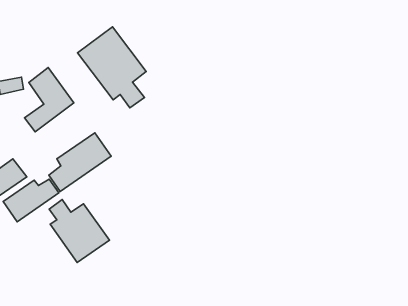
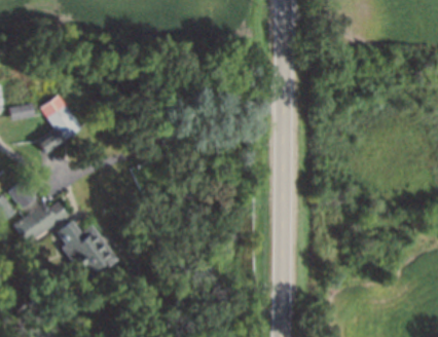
building: [78,27,146,108] -> none
building: [49,133,111,191] -> none

